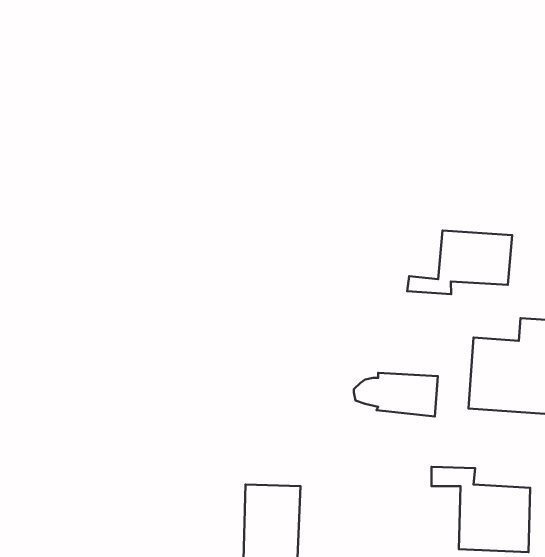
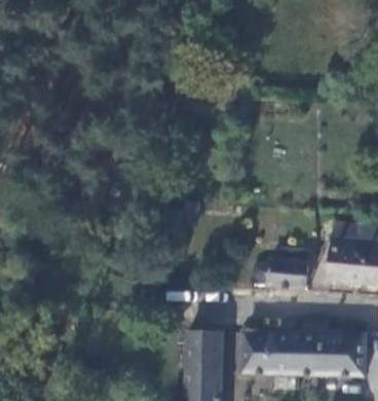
building: [407,231,512,294] -> none
building: none -> [243,331,322,374]

